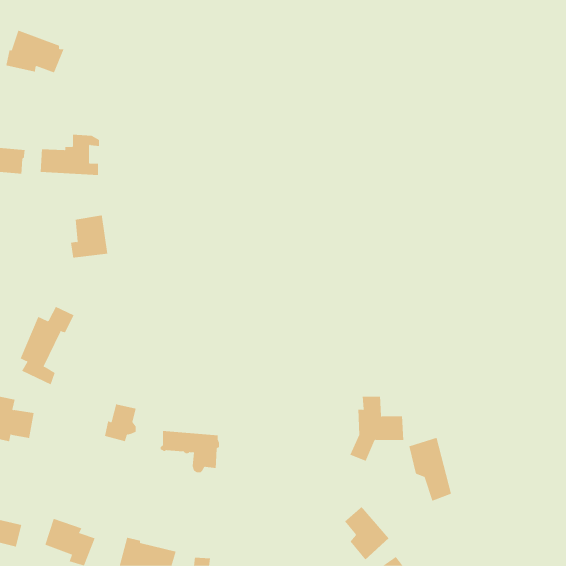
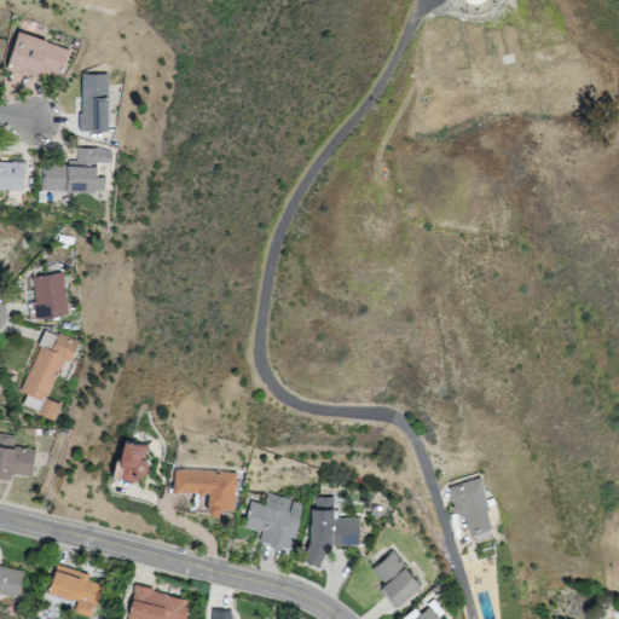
building: none -> [80,75,110,133]
building: [70,215,108,258] -> [29,272,70,319]
building: [350,396,404,461] -> [303,497,363,568]
building: none -> [244,497,305,551]

